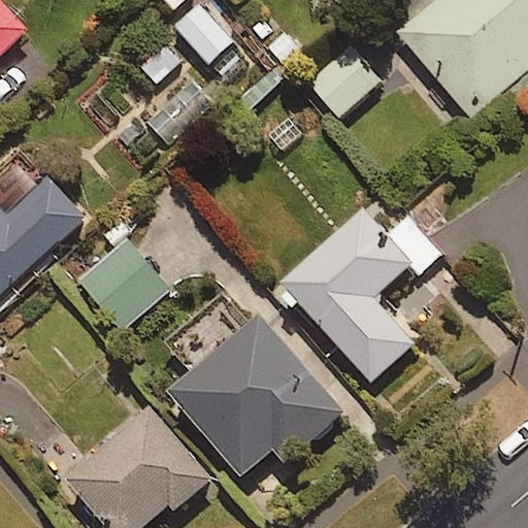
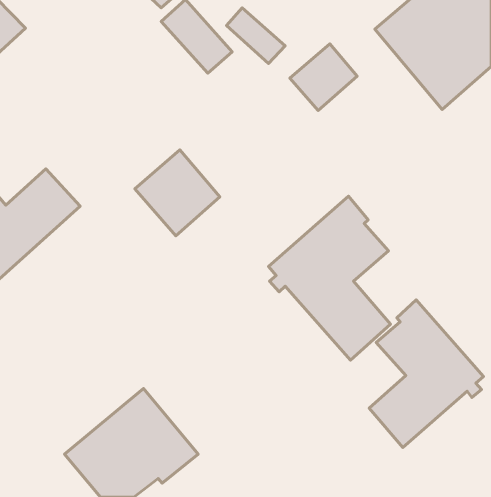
building: [77,238,167,329] -> [135,150,220,236]
building: [173,317,342,473] -> none
building: none -> [369,300,483,447]

